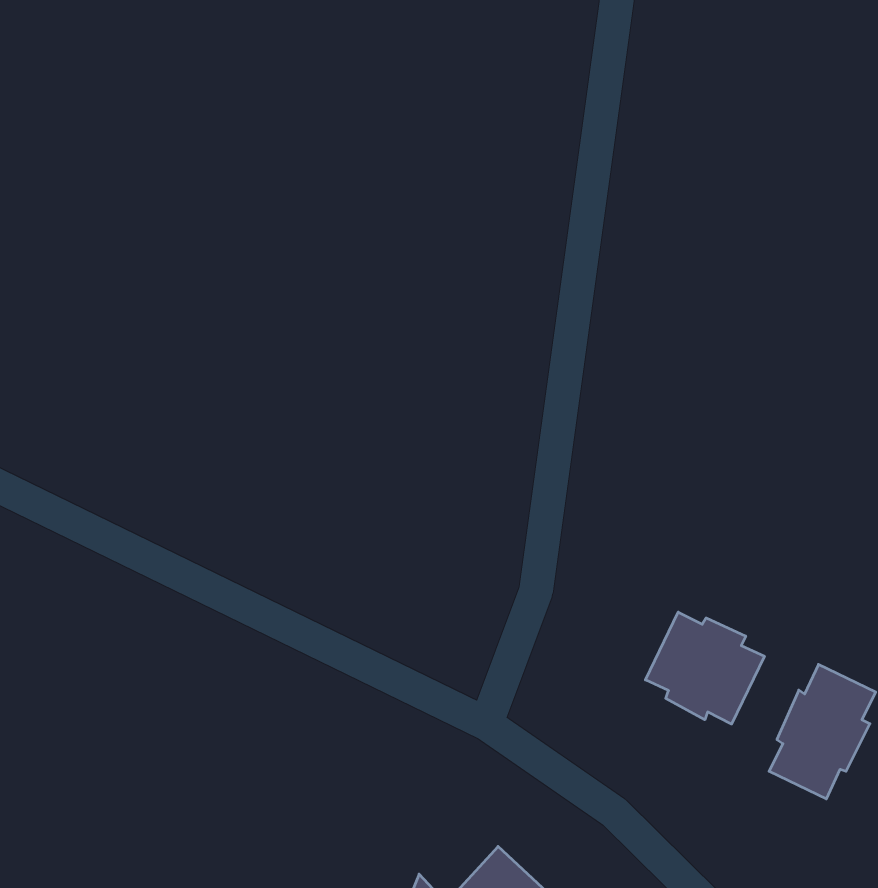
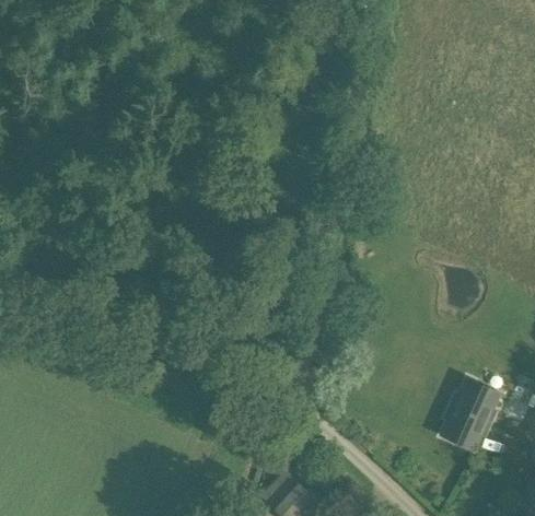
building: [645,612,764,724] -> none

